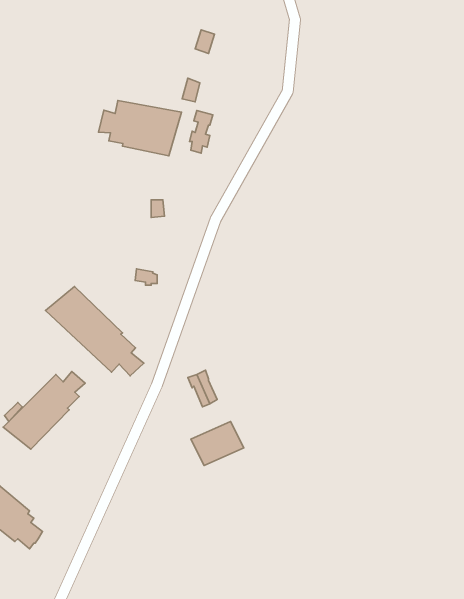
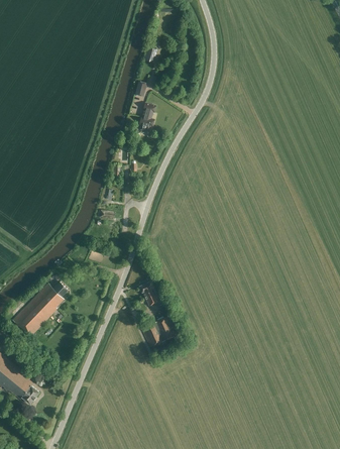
building: [99,100,181,156] -> none
building: [46,287,144,376] -> none

